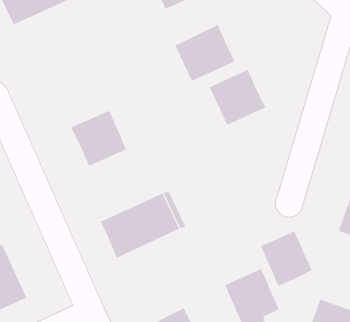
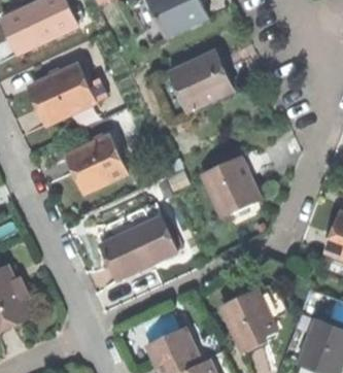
building: none -> [32,62,95,121]
building: [209,69,266,125] -> [200,156,255,210]
building: [260,231,312,286] -> none

